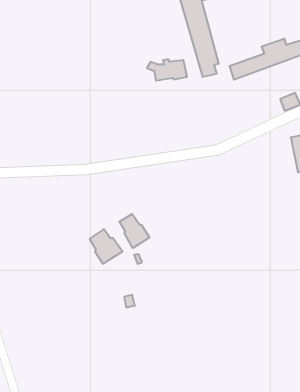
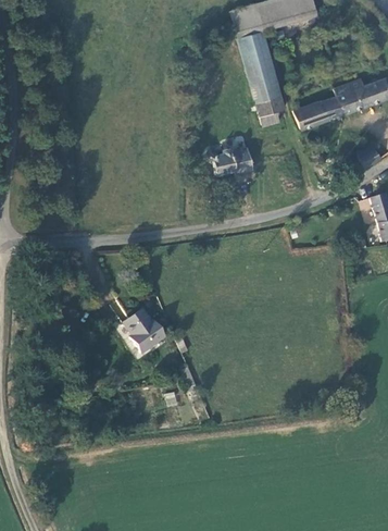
building: [147,59,187,81] -> [204,148,253,174]
building: [119,214,149,248] -> none

